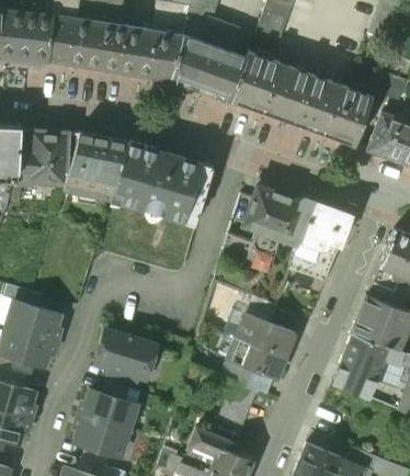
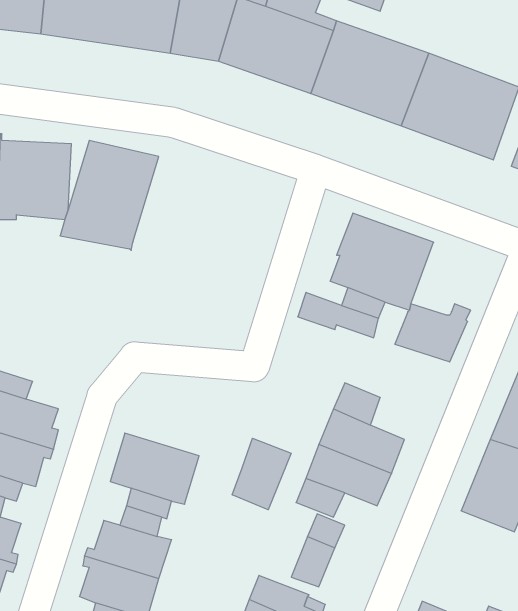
building: [110,144,213,227] -> none
building: [298,202,351,251] -> none
building: none -> [232,438,291,510]

